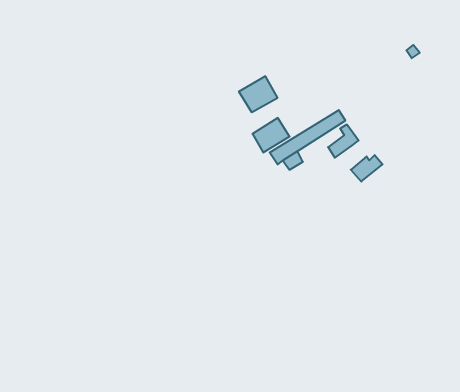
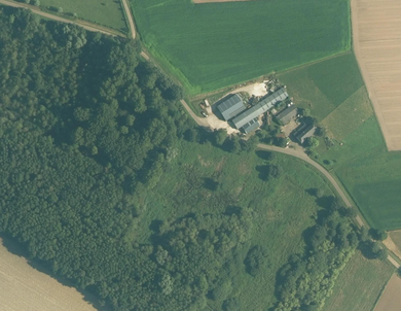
building: [239,76,277,112] -> none

